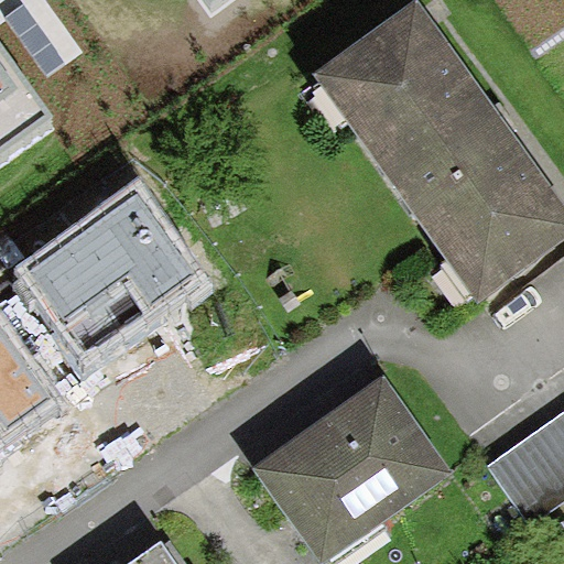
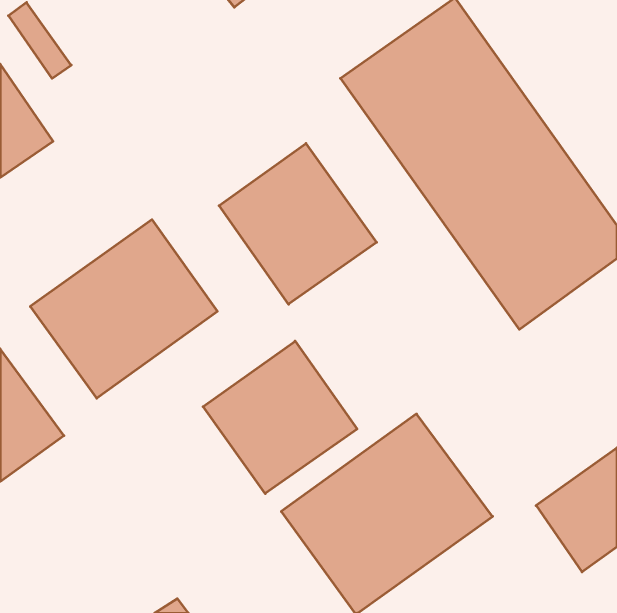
building: none -> [219,143,377,304]
building: none -> [203,341,357,494]

